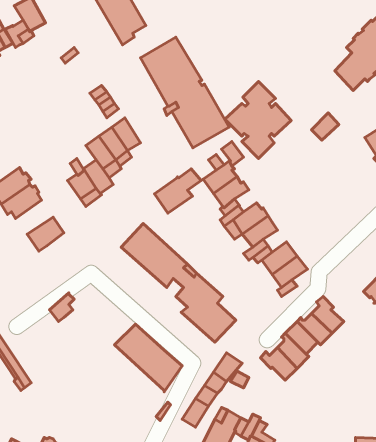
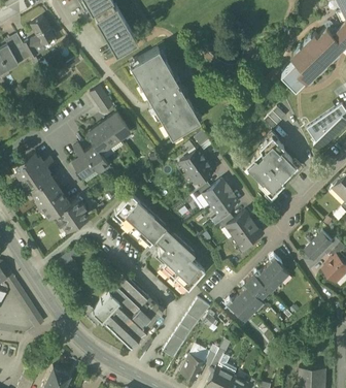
building: [225,81,291,158] -> [244,135,297,196]
building: [154,169,201,213] -> none
building: none -> [31,177,61,204]
building: none -> [56,199,88,230]
building: none -> [82,292,148,347]

